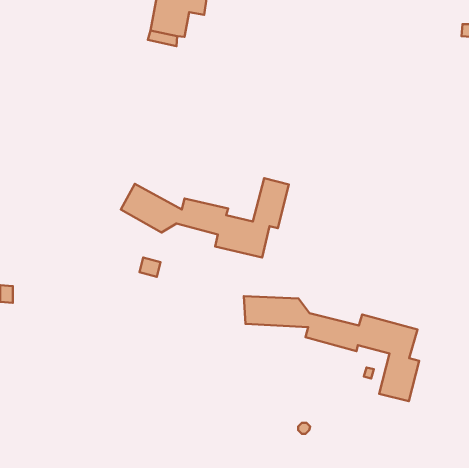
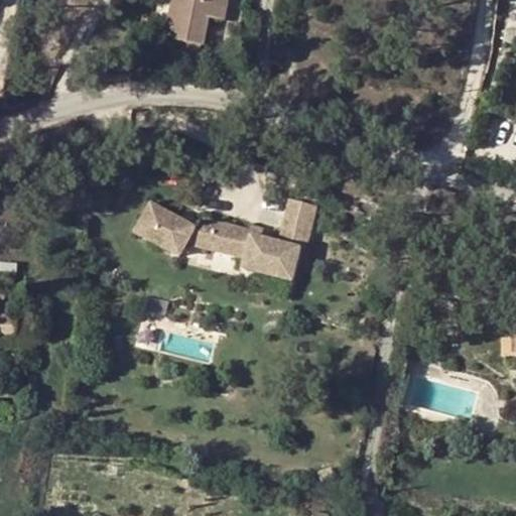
building: [244,296,419,401] -> none

